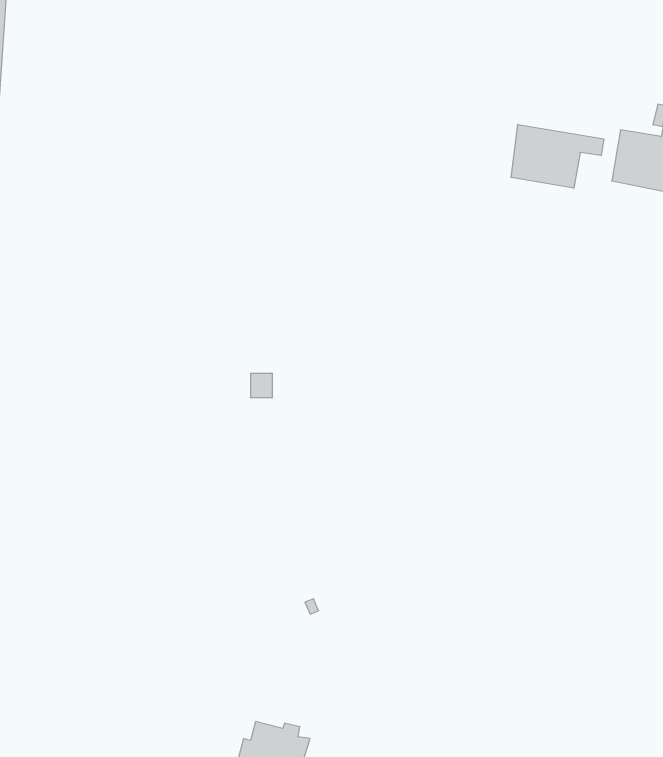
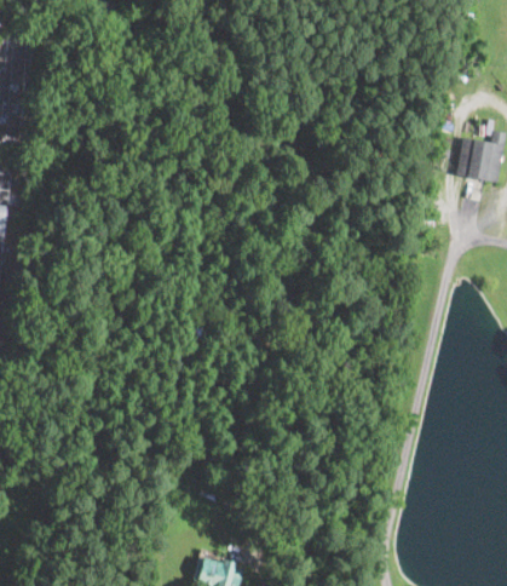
building: [511,124,604,188] -> none

